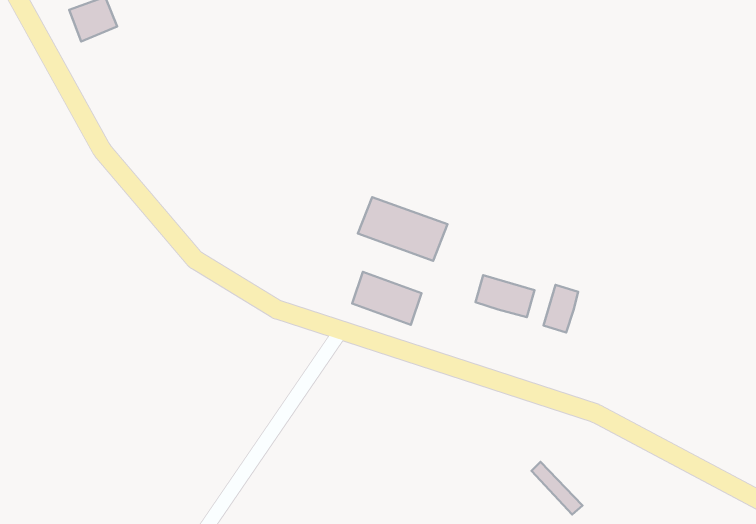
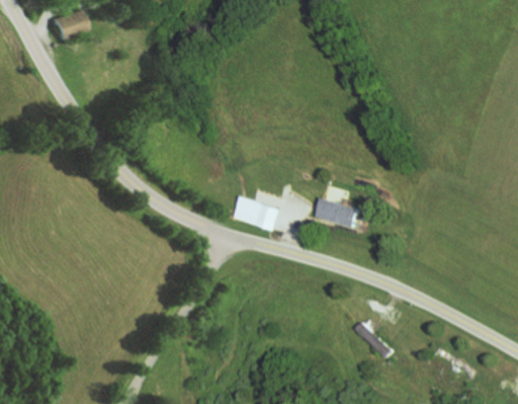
building: [358,197,447,261] -> none
building: [543,285,578,333] -> none

